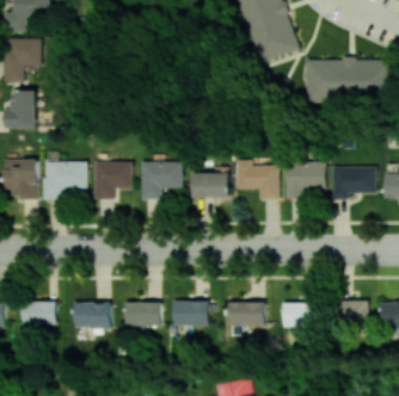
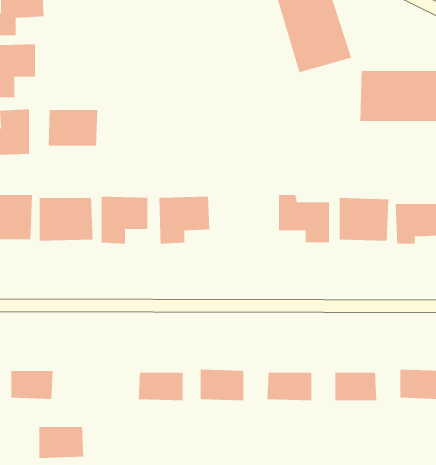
building: none -> [48,109,98,147]
building: [191,173,229,197] -> none
building: [73,302,110,328] -> [38,426,84,459]

